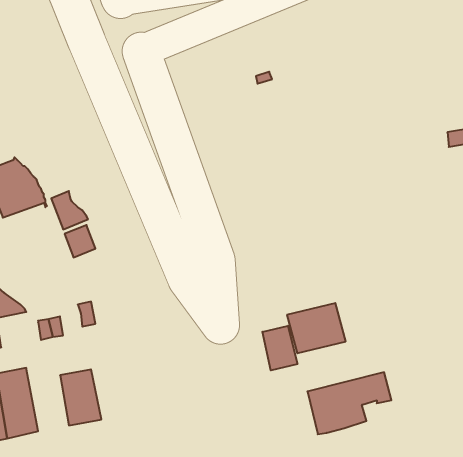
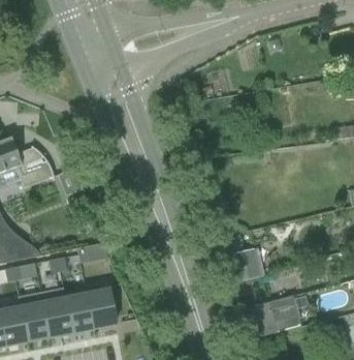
building: [262,326,297,370] -> none
building: none -> [41,289,71,337]
building: none -> [87,290,117,329]

